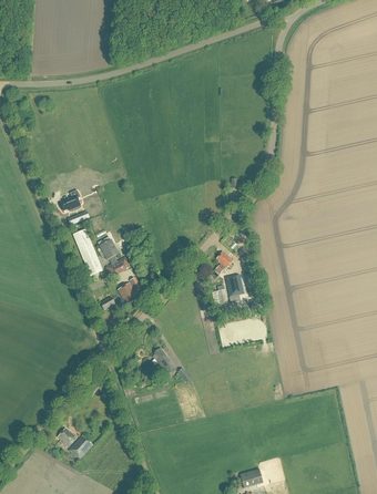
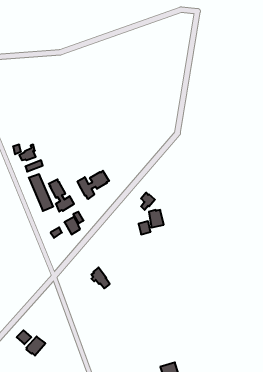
building: none -> [78,171,109,199]

